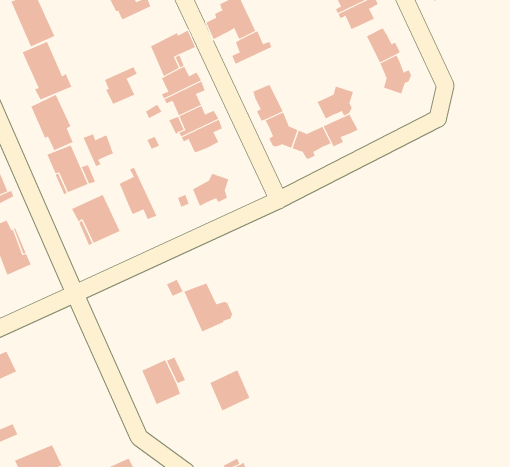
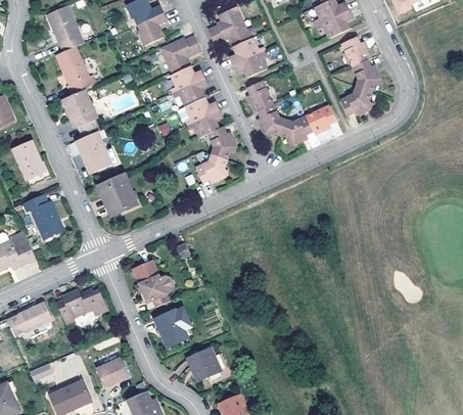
building: none -> [233,51,266,78]
building: [104,66,138,105] -> [139,17,167,49]
building: [317,86,354,119] -> [340,85,371,112]
building: [83,134,114,167] -> none
building: none -> [210,128,236,160]
building: [119,167,157,220] -> none
building: [183,283,233,332] -> [133,261,174,302]
building: none -> [56,289,106,325]
building: [209,369,250,411] -> [187,348,221,382]
building: none -> [97,358,129,386]

